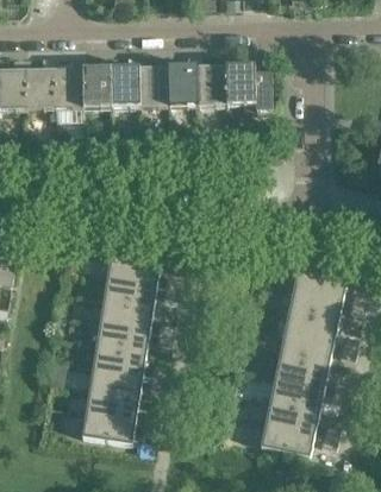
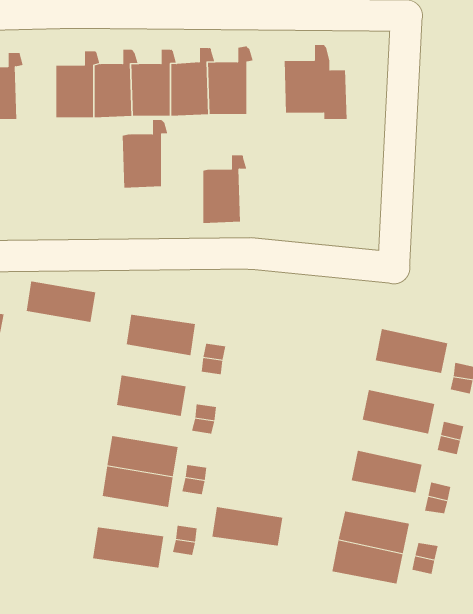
building: [196,55,230,106] -> [202,155,247,223]
building: [24,58,58,109] -> [122,120,168,188]
building: [102,277,155,308] -> [26,281,96,322]
building: [287,289,342,321] -> none
building: [95,322,148,353] -> none
building: [279,333,332,366] -> none
building: [269,378,323,410] -> none
building: [85,390,138,420] -> [211,506,283,546]

